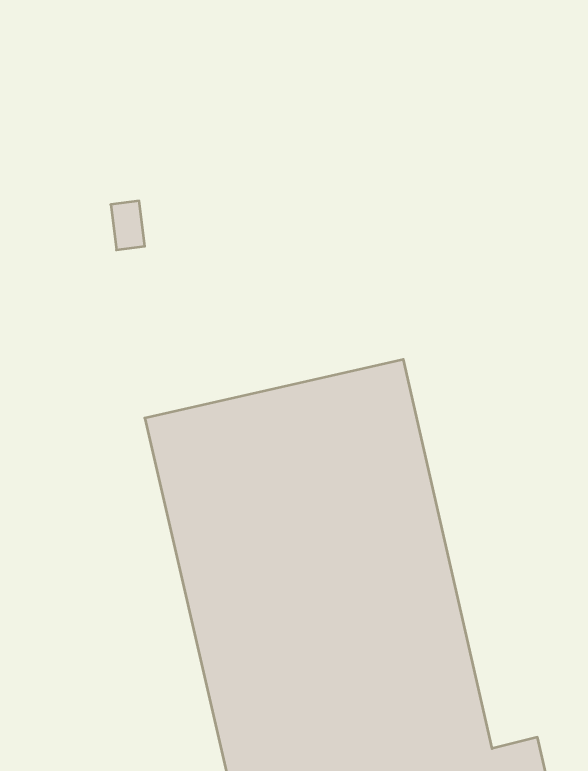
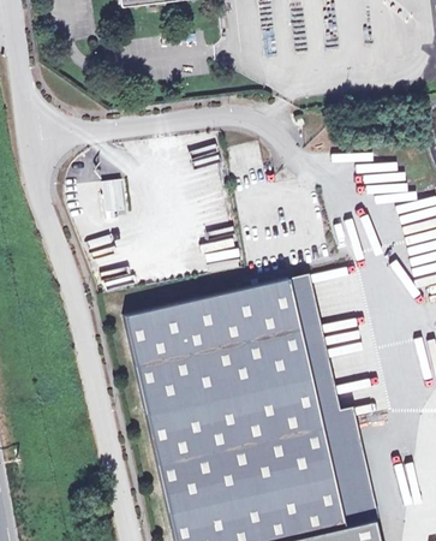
building: none -> [289,275,380,527]

